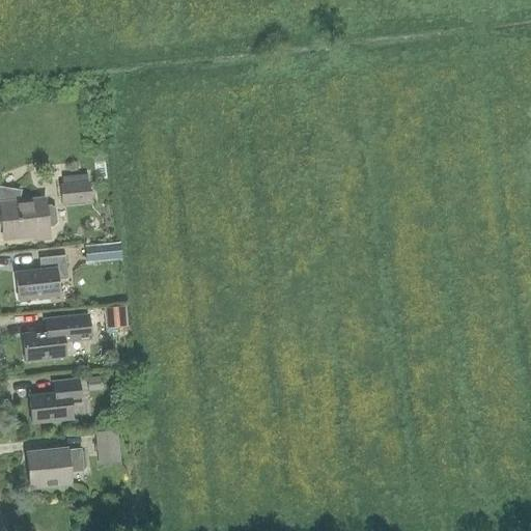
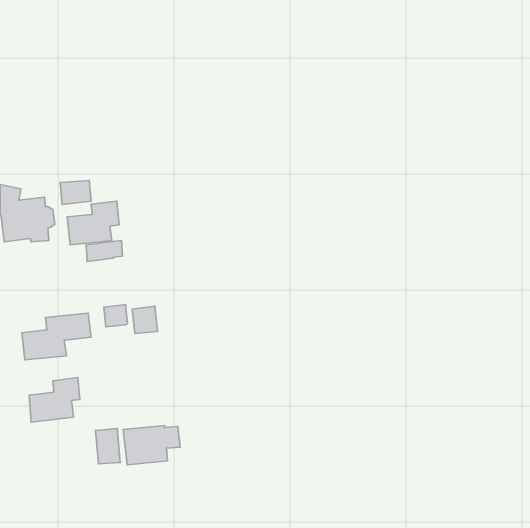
building: [16,255,67,299] -> [67,201,119,245]
building: none -> [132,306,158,334]
building: [26,447,83,486] -> [123,425,180,465]

